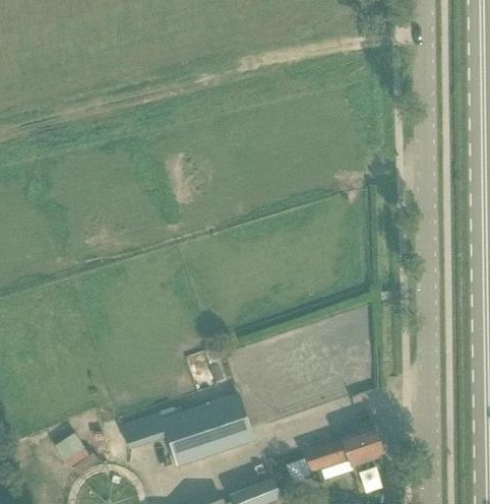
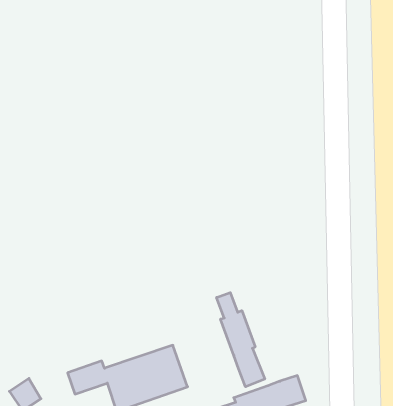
building: none -> [217,293,265,387]

